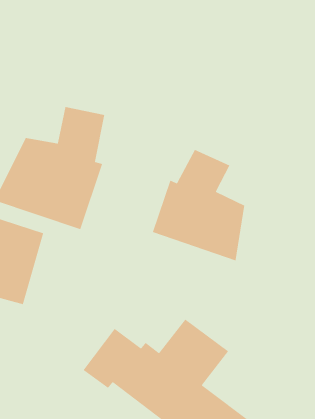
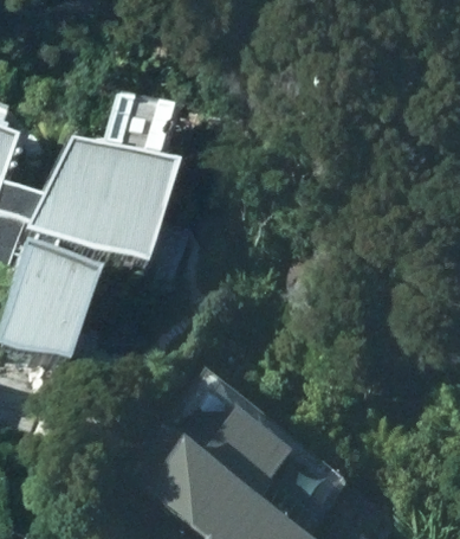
building: [152,149,245,261] -> none

